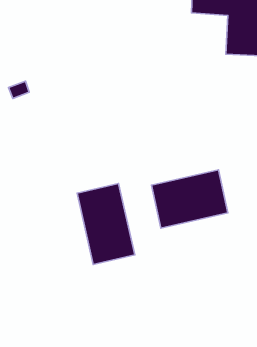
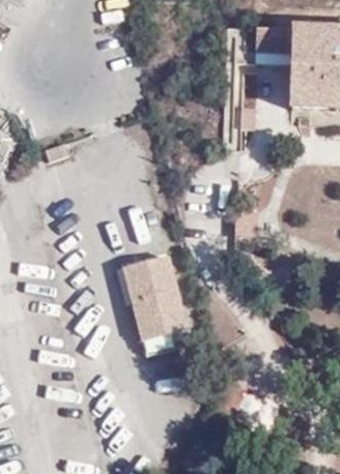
building: [151,170,228,228] -> none

